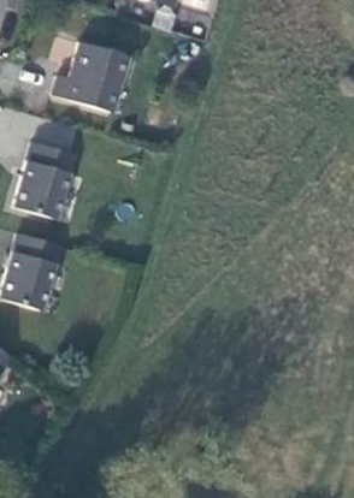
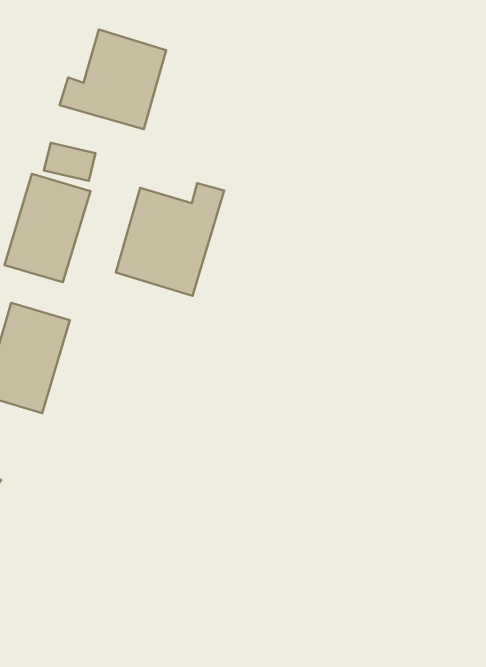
building: none -> [116,183,224,296]

